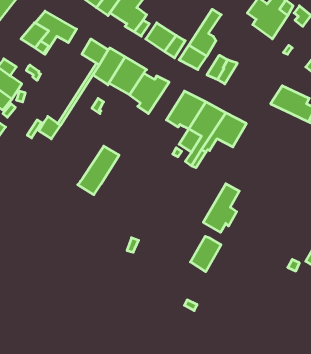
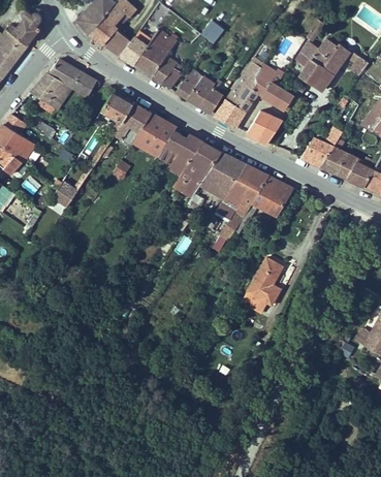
building: none -> [248,64,291,109]
building: none -> [300,128,339,166]
building: [78,146,119,195] -> [172,141,220,197]
building: [190,236,221,272] -> none

